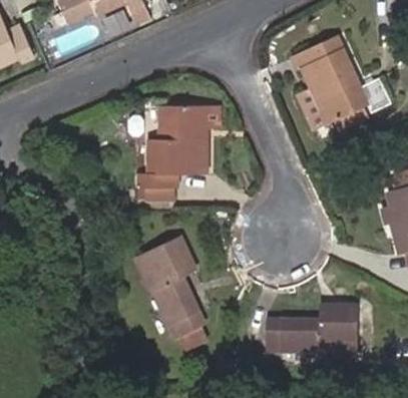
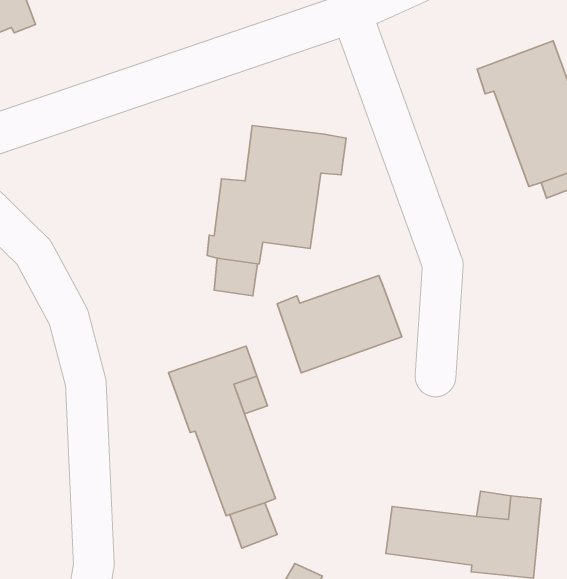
building: none -> [277,275,402,373]

